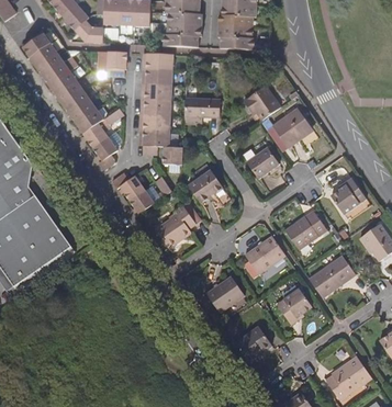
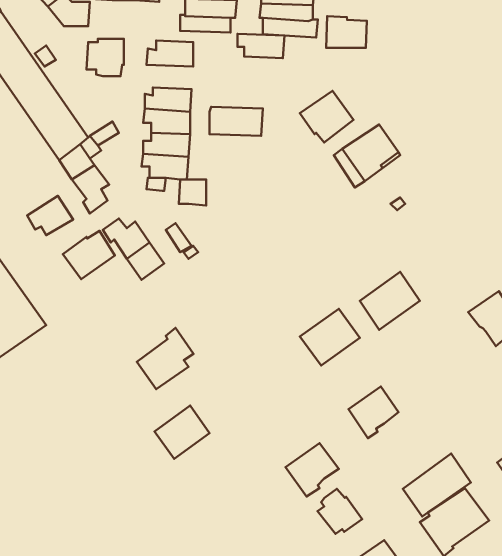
building: none -> [326,16,367,48]
building: [139,68,171,84] -> [238,34,284,58]
building: [246,146,279,179] -> none
building: none -> [27,196,73,235]
building: [189,169,223,201] -> none
building: [329,178,363,213] -> none
building: none -> [63,231,115,279]
building: [156,204,194,246] -> [137,328,193,389]
building: [307,252,354,295] -> [403,453,471,516]
building: [205,275,243,312] -> [155,406,210,459]
building: none -> [317,489,362,534]

